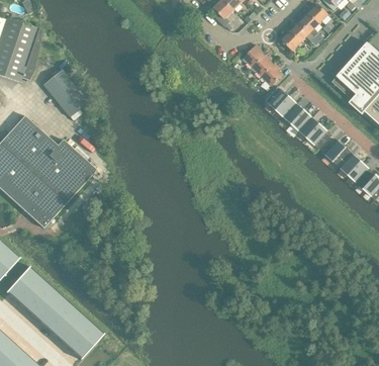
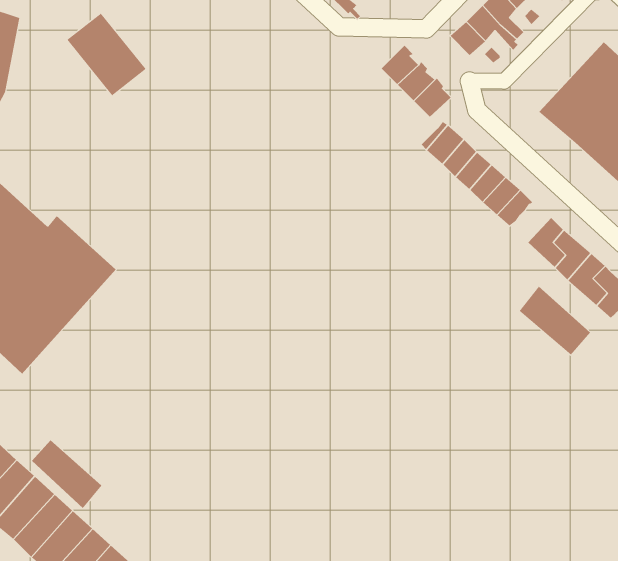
building: [42,69,87,115] -> [67,13,146,96]
building: none -> [519,286,591,355]
building: none -> [31,440,102,509]

